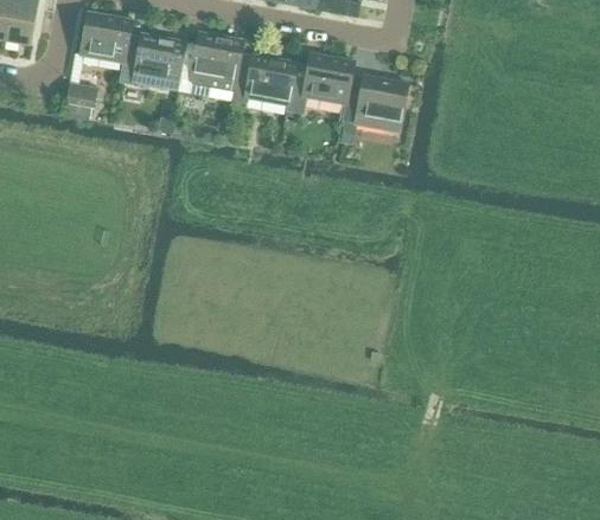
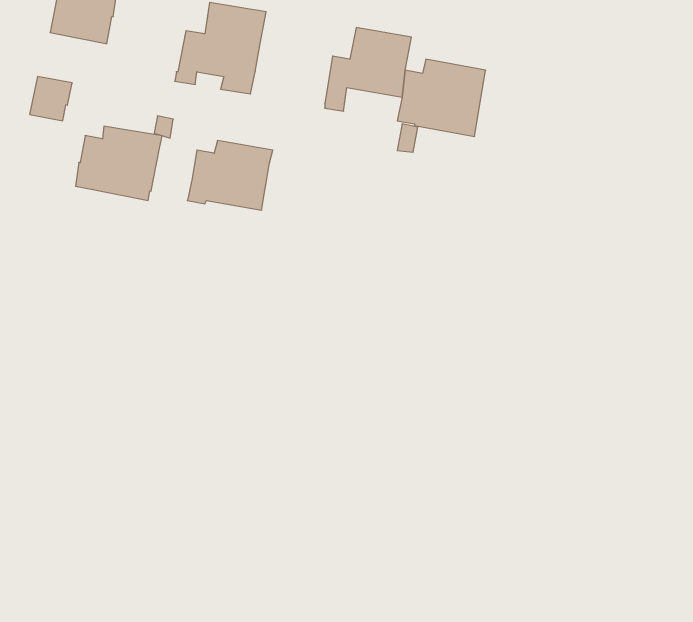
building: [119,34,184,90] -> [76,126,162,200]
building: [230,54,294,107] -> [187,141,273,210]

